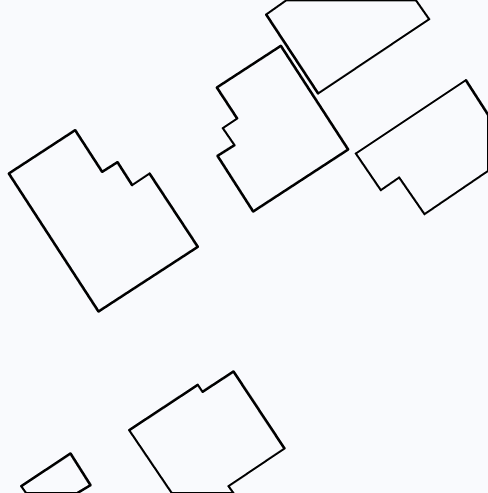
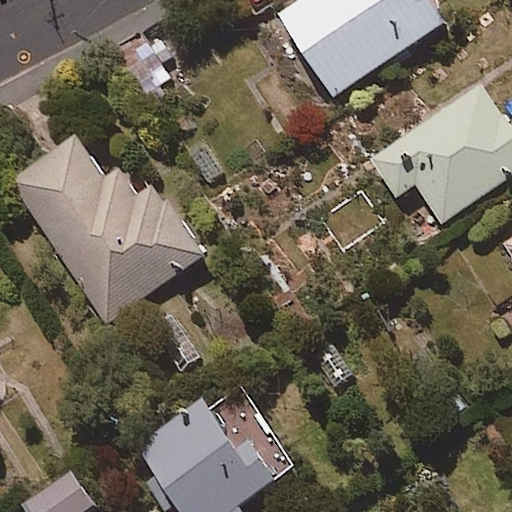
building: [217,46,348,212] -> none

